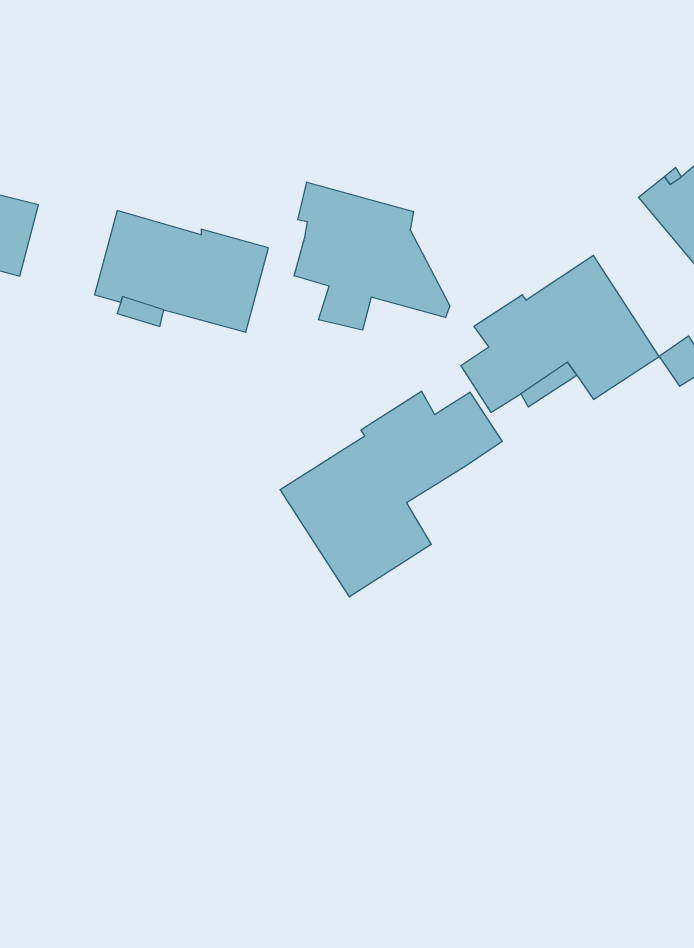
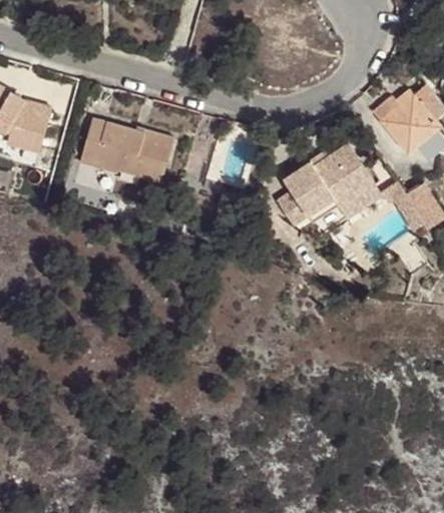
building: [294,182,450,330] -> none
building: [280,391,502,597] -> none

